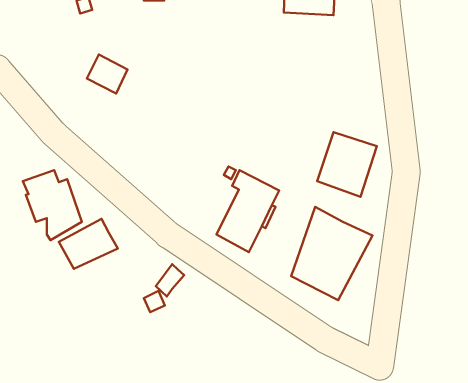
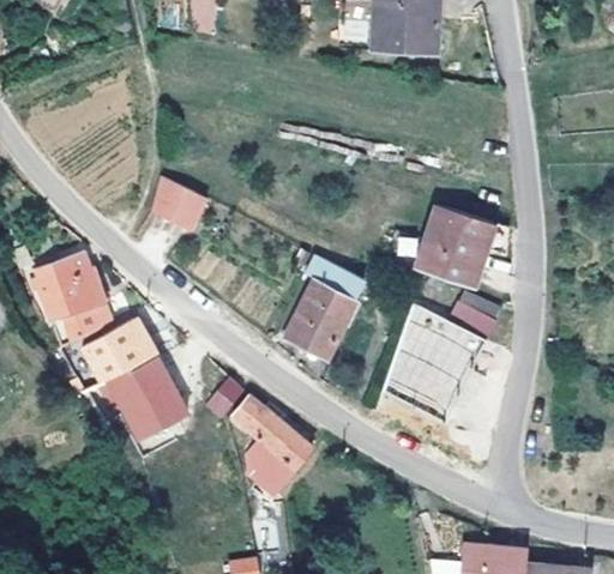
building: [87,55,127,93] -> [151,177,204,228]
building: none -> [450,291,501,338]
building: none -> [96,355,188,439]
building: none -> [231,394,313,491]

